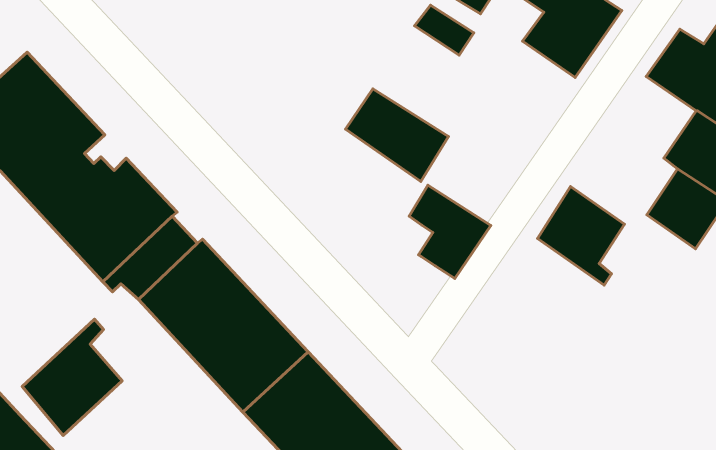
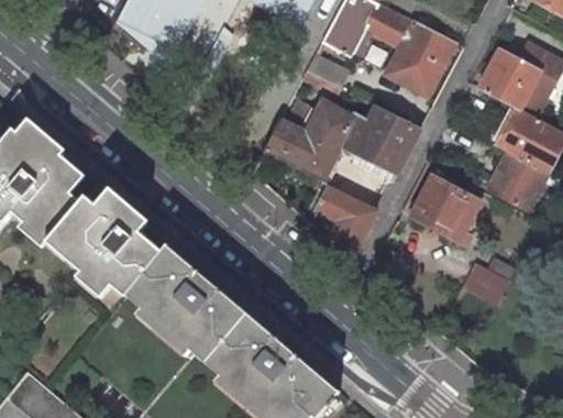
building: none -> [280,87,422,174]
building: none -> [460,264,507,306]
building: [22,319,122,436] -> none

